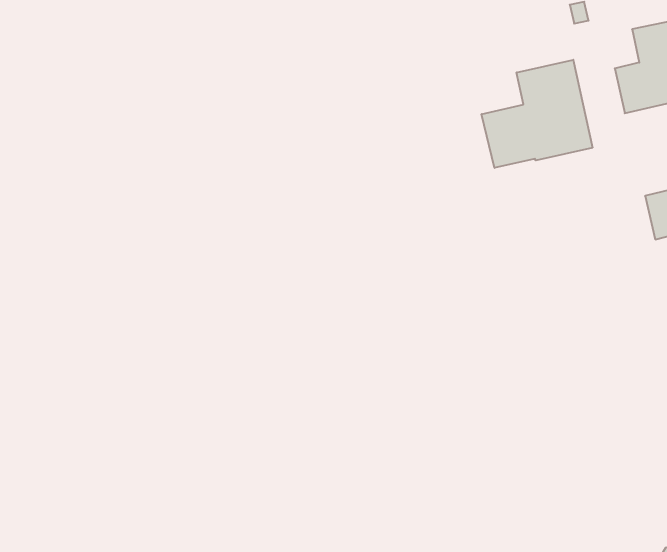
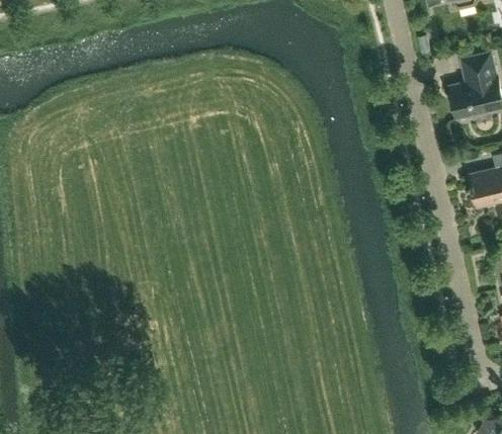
building: [482,60,592,168] -> none

